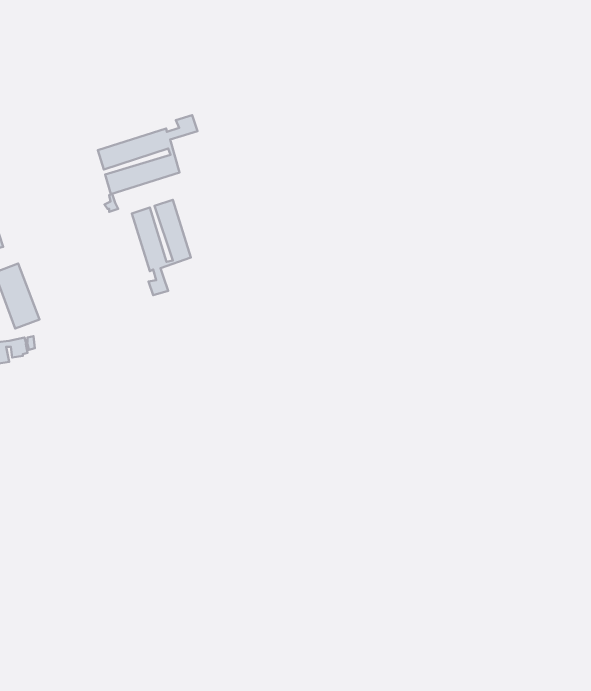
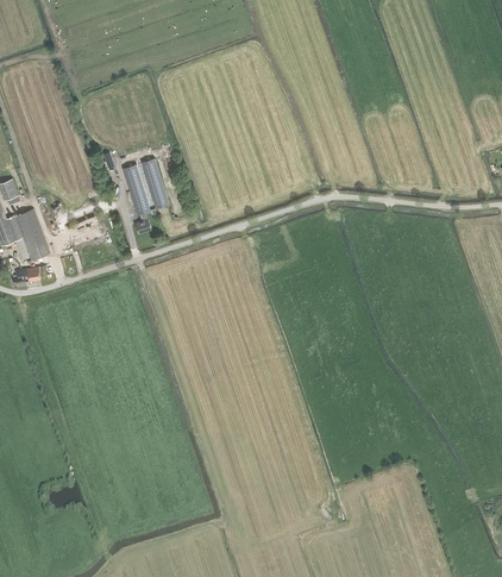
building: [98,115,197,194] -> none

